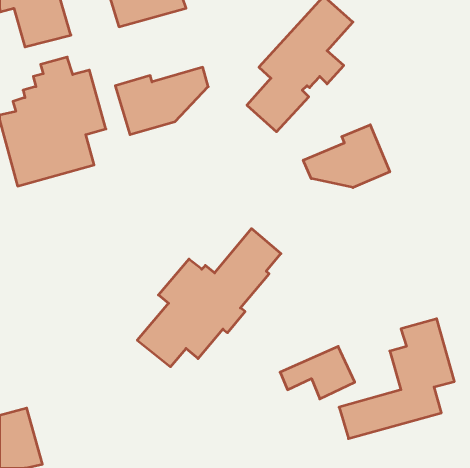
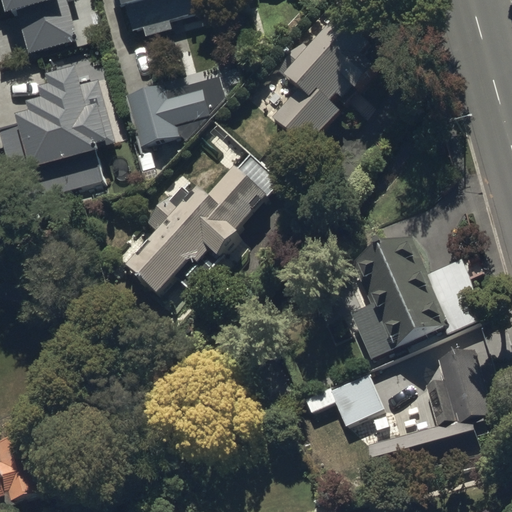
building: [303,125,390,188] -> none
building: none -> [350,243,491,366]
building: [137,229,281,367] -> [126,146,282,296]

